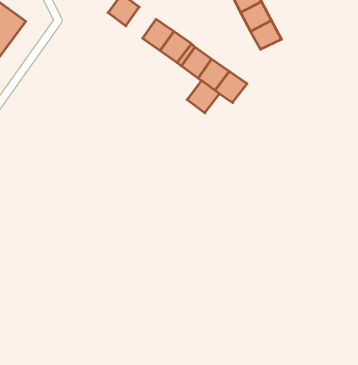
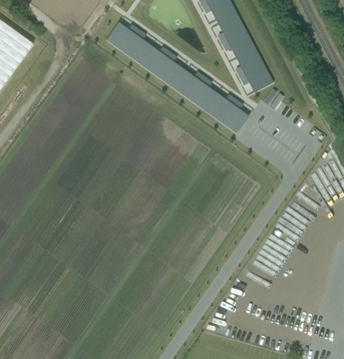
building: none -> [122,34,149,62]
building: none -> [244,63,272,90]
building: [187,81,219,113] -> [219,103,248,132]

